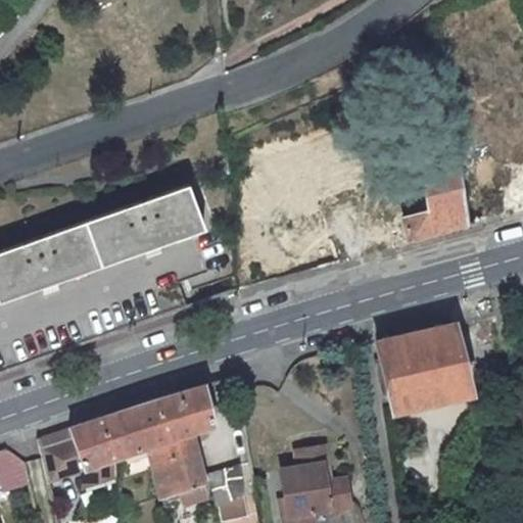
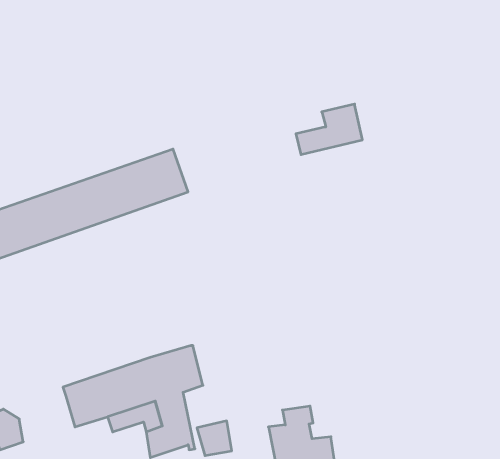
building: [405,193,473,245] -> [296,104,362,155]
building: [376,325,471,414] -> none
building: [40,440,84,485] -> none

